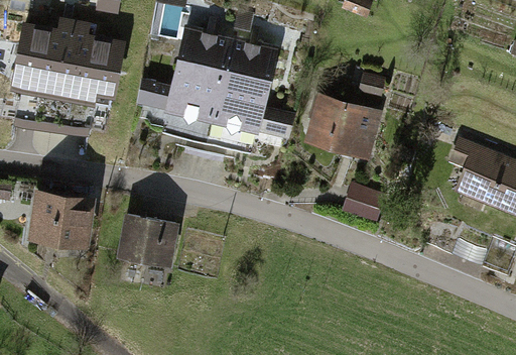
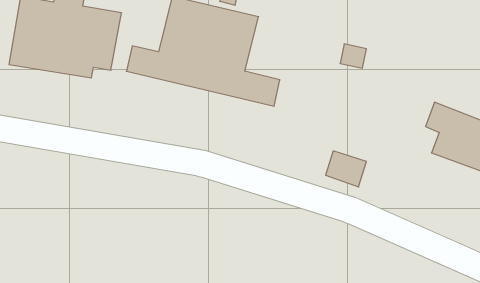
building: [302,92,381,159] -> none
building: [23,185,93,246] -> none
building: [116,213,179,267] -> none

